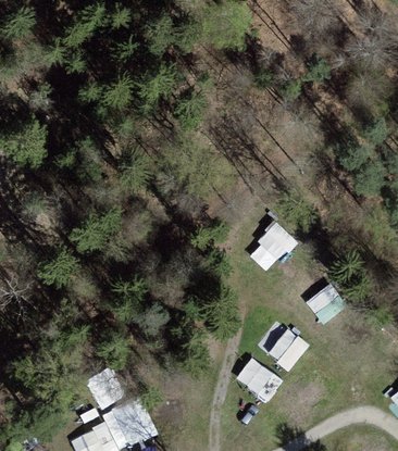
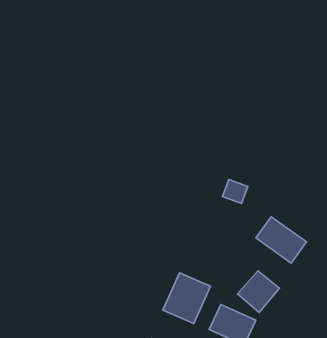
building: none -> [163,273,210,323]

